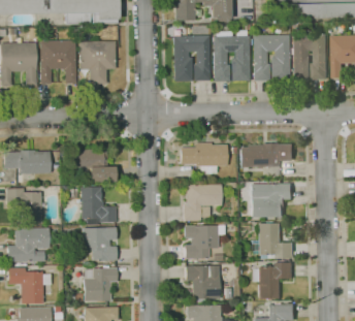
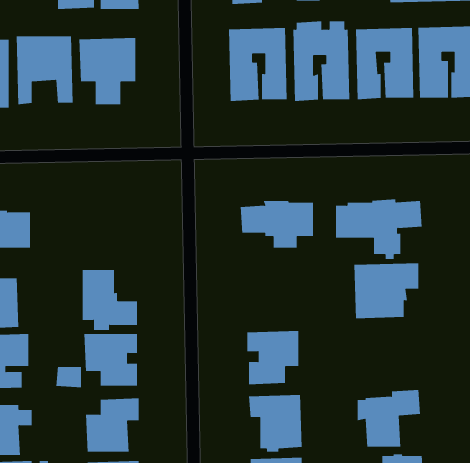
building: [72,149,115,183] -> none
building: [183,184,221,221] -> none
building: [249,223,294,259] -> none

